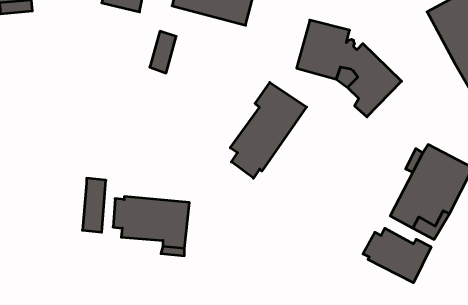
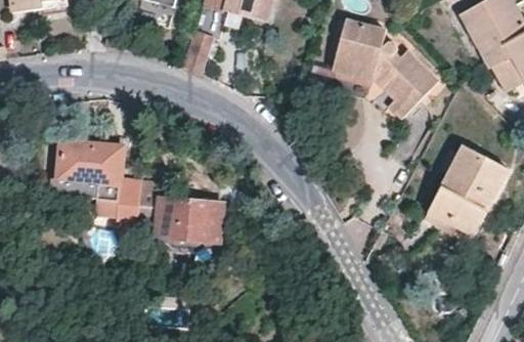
building: [230,82,307,178] -> none
building: none -> [56,141,123,184]
building: [363,228,431,283] -> none

